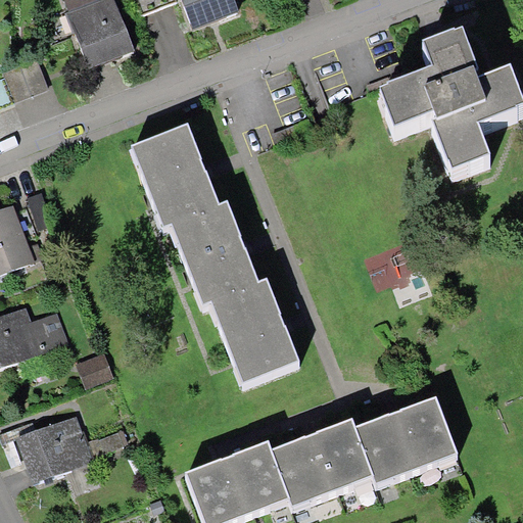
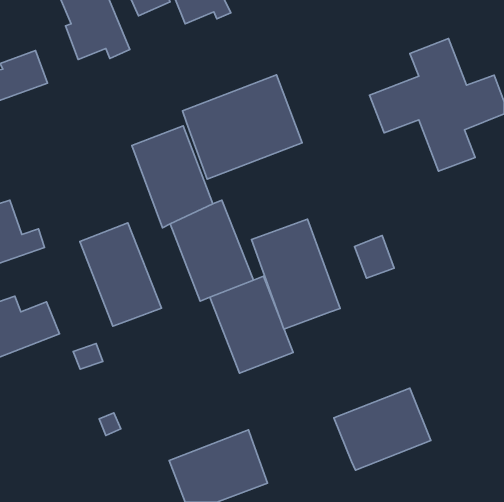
building: none -> [182,75,302,179]
building: none -> [251,219,340,329]
building: none -> [80,223,162,326]
building: [17,414,96,482] -> none
building: [259,421,363,509] -> none

